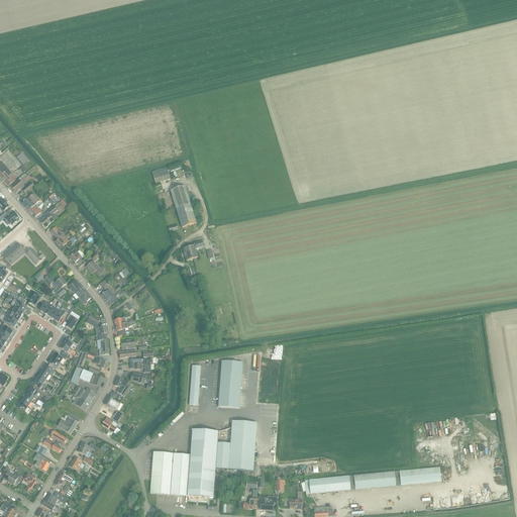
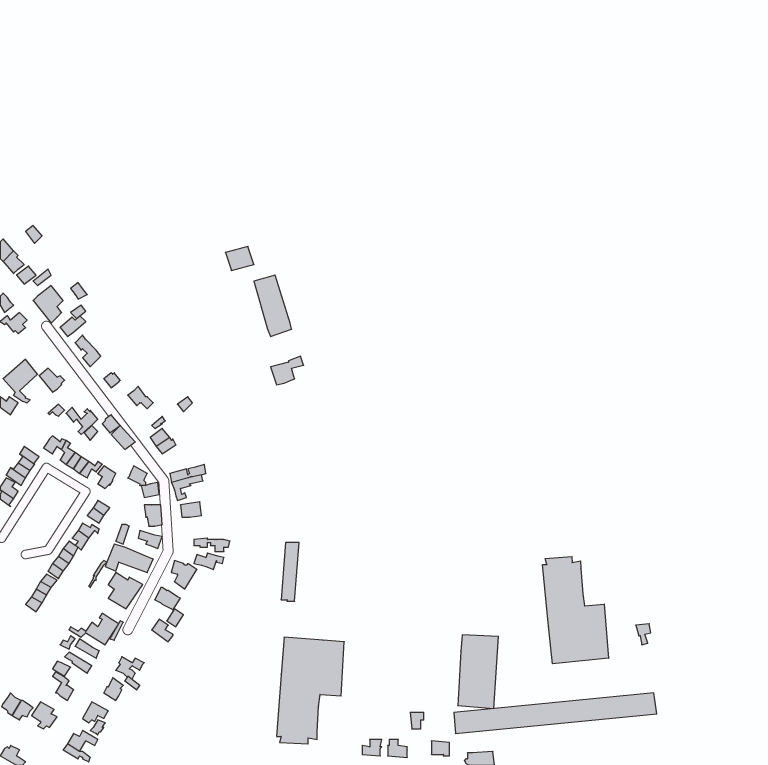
building: [218,359,241,407] -> none
building: none -> [543,557,609,664]
building: [229,420,256,470] -> [458,635,498,708]
building: [150,450,189,495] -> none

